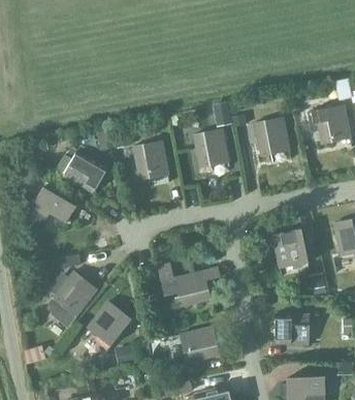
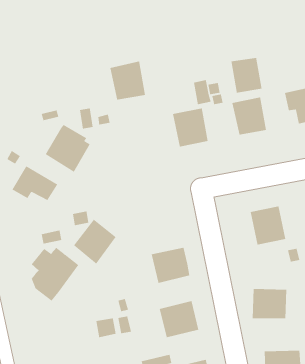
building: none -> [231,57,262,94]
building: [132,139,169,179] -> [110,61,146,100]
building: [88,300,132,346] -> [73,219,117,264]

